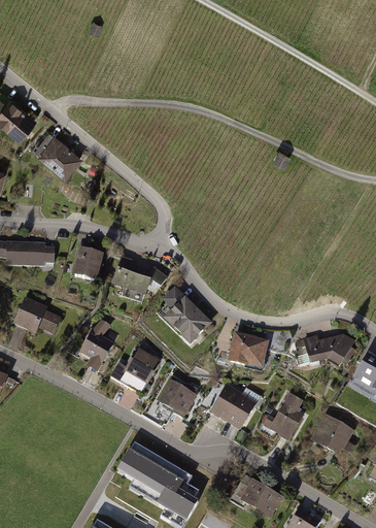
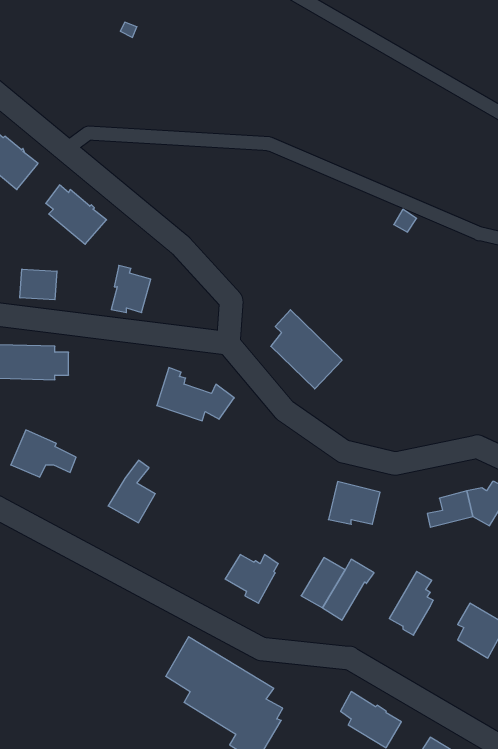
building: none -> [20,269,57,300]
building: [74,245,101,277] -> [111,265,151,313]
building: [161,289,209,342] -> [271,310,342,389]
building: [111,350,159,395] -> none

